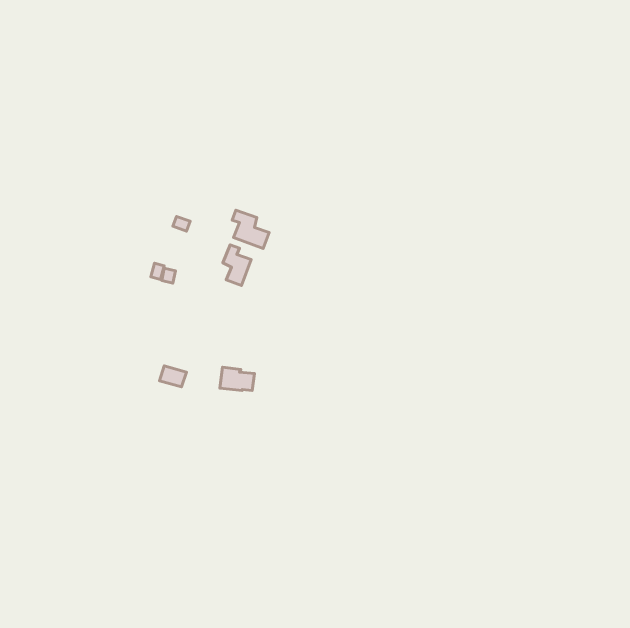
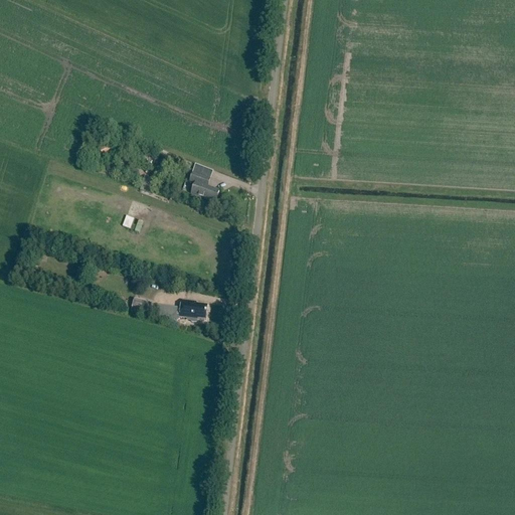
building: [223,245,251,285] -> none

